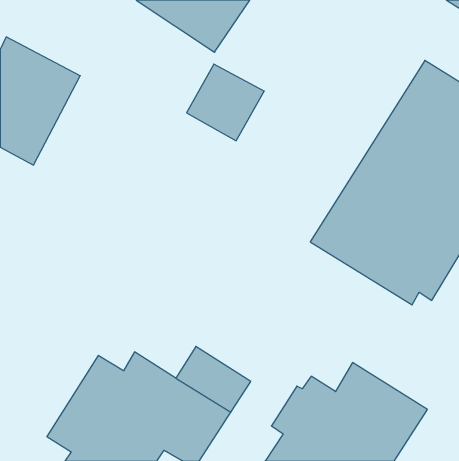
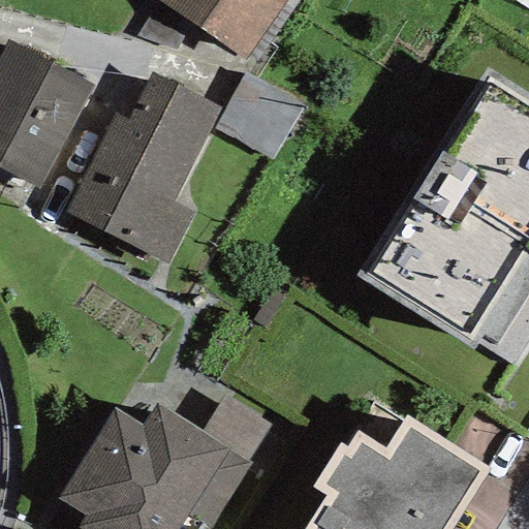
building: none -> [66,73,221,264]

